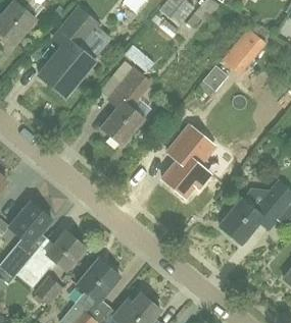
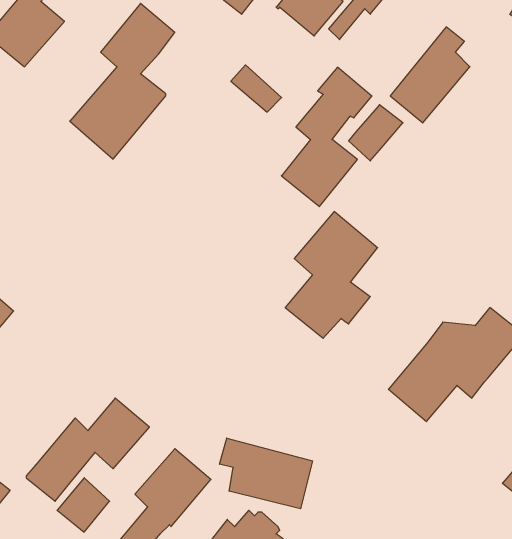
building: [102,66,153,145] -> [281,67,372,207]
building: [7,201,52,268] -> none
building: none -> [220,438,313,509]

